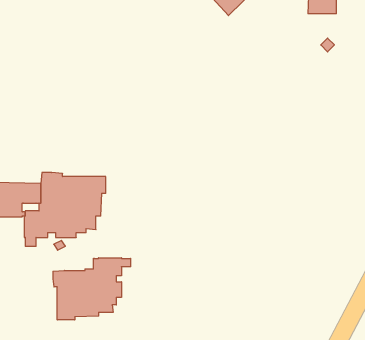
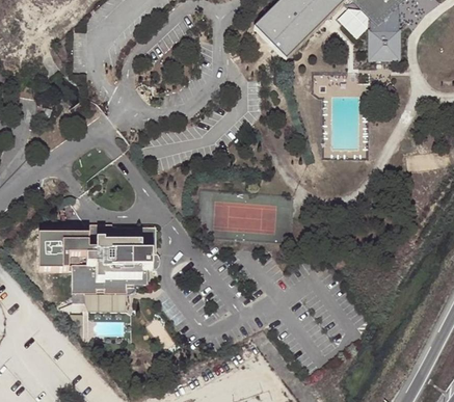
building: [53,258,131,320] -> none

